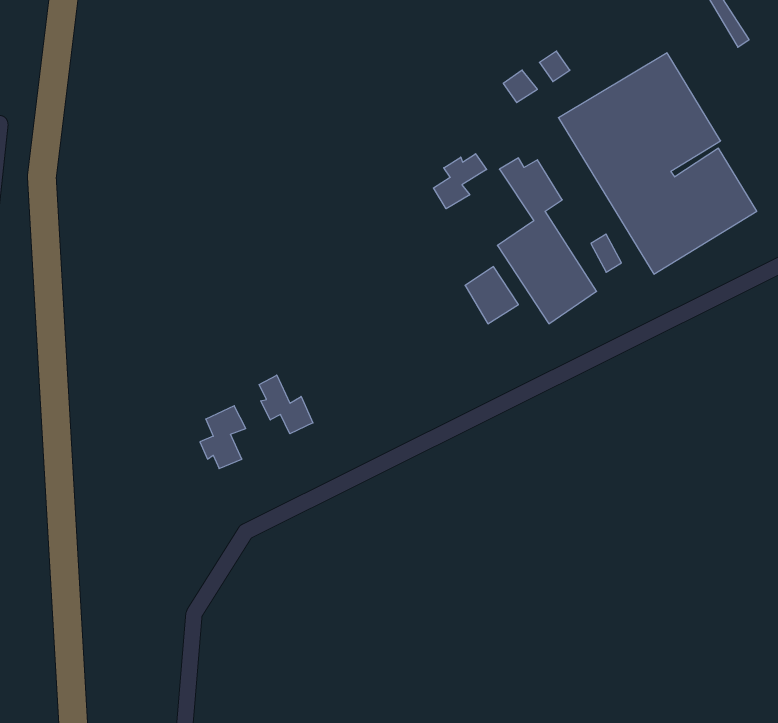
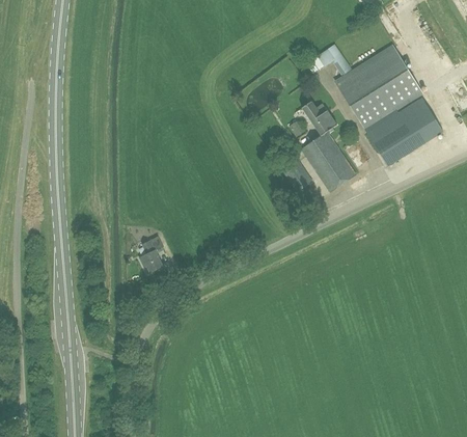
building: [433,154,487,209] -> none
building: [259,375,313,434] -> none

